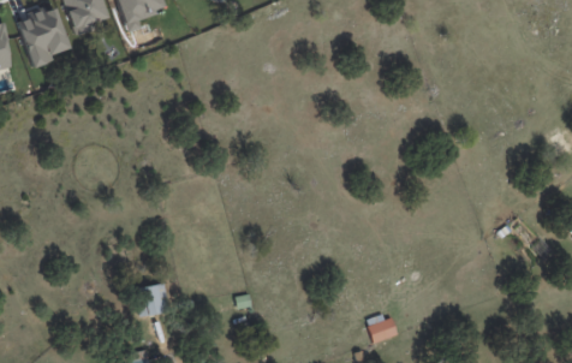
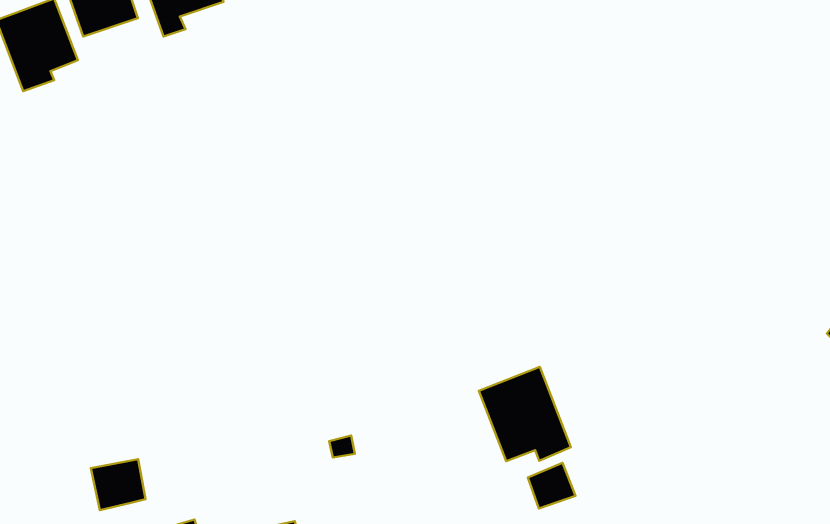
building: none -> [479,367,571,461]
building: [135,284,171,317] -> [91,459,145,510]

